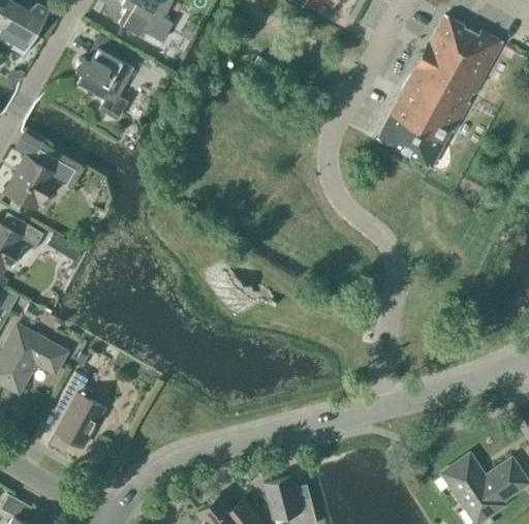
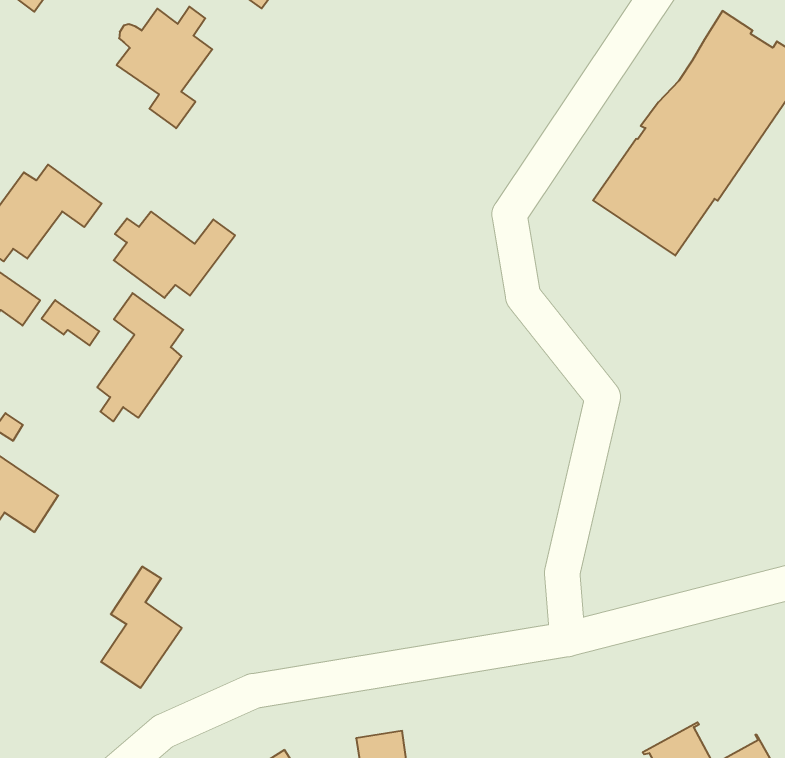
building: none -> [114,212,235,298]
building: none -> [97,293,183,421]
building: [56,371,103,445] -> [101,567,182,688]

